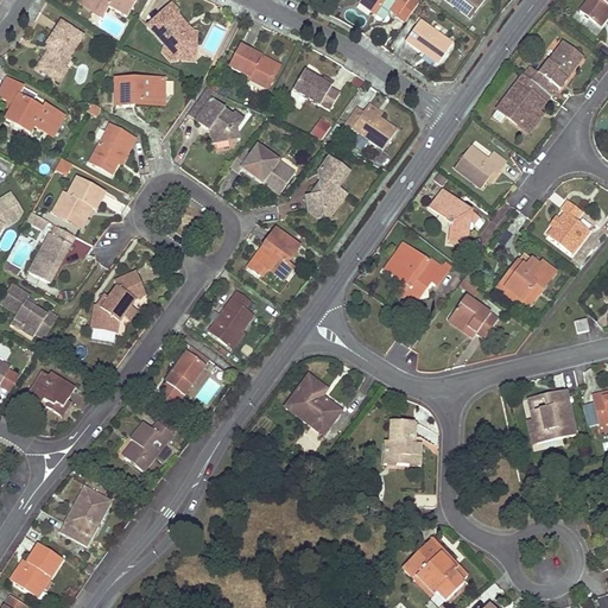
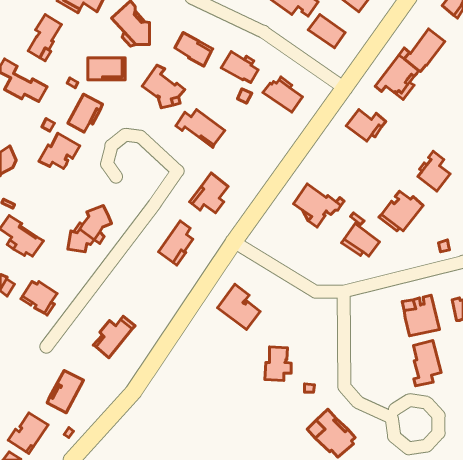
building: [305,154,348,213] -> none
building: [430,186,479,241] -> none
building: [27,226,74,281] -> none
building: [162,352,204,399] -> none
building: [385,419,419,463] -> [265,347,291,380]
building: none -> [413,340,441,386]

